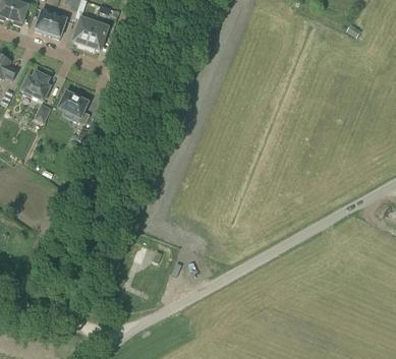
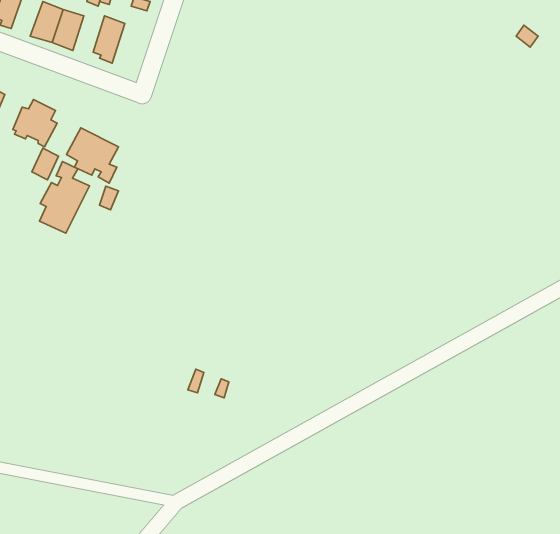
building: [87,20,109,49] -> none
building: none -> [40,161,90,233]

